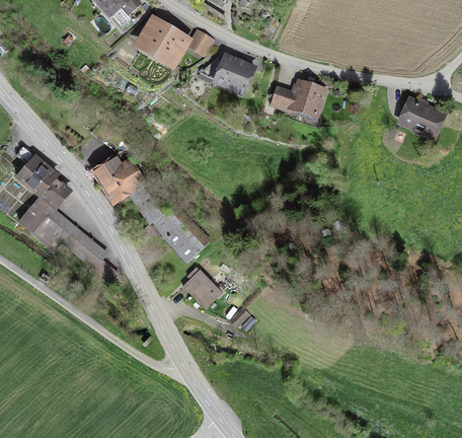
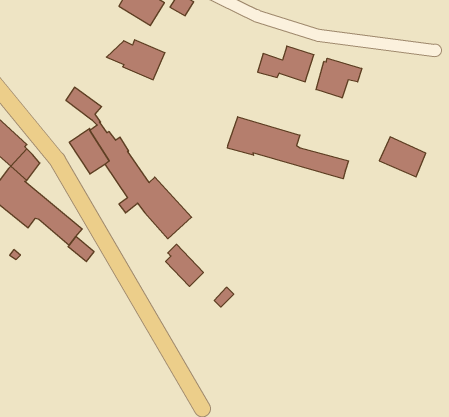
building: [199,56,253,93] -> [106,40,165,80]
building: none -> [316,58,362,98]
building: [399,99,443,137] -> [379,137,426,177]
building: none -> [228,117,349,179]

